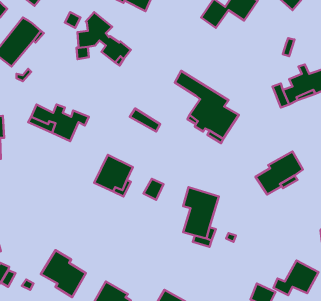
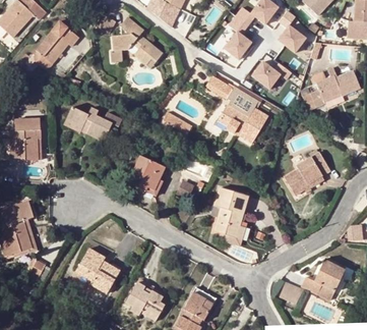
building: none -> [281,22,312,53]
building: none -> [227,29,256,59]
building: none -> [253,58,292,91]

